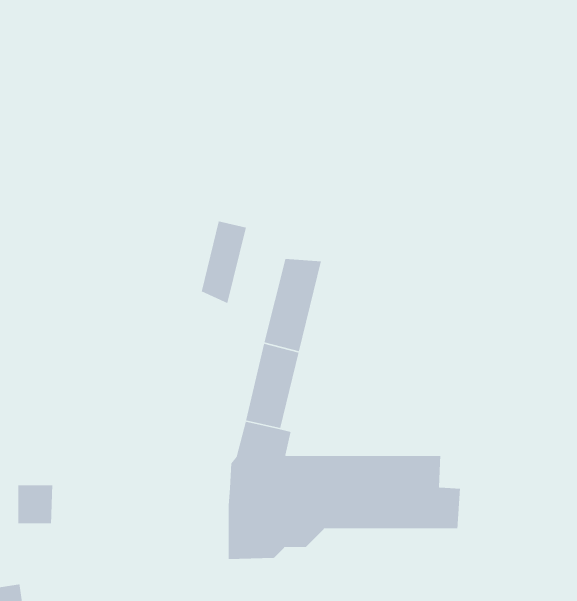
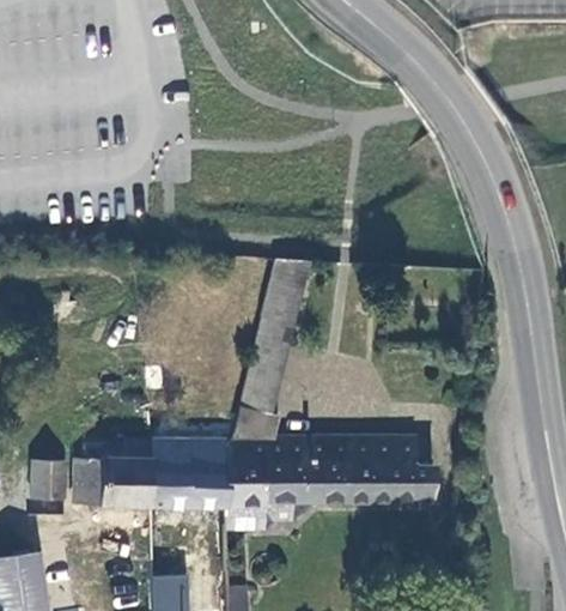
building: [201,221,247,304] -> none
building: none -> [75,441,226,509]

